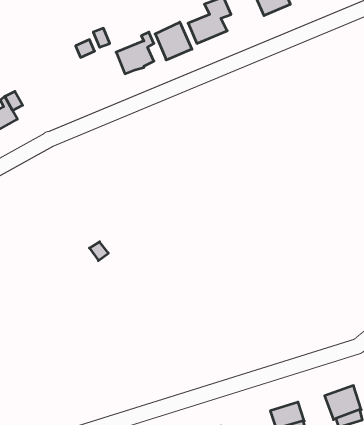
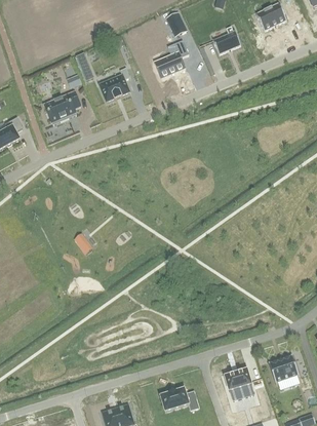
building: [155,22,192,60] -> none
building: none -> [43,91,79,121]

